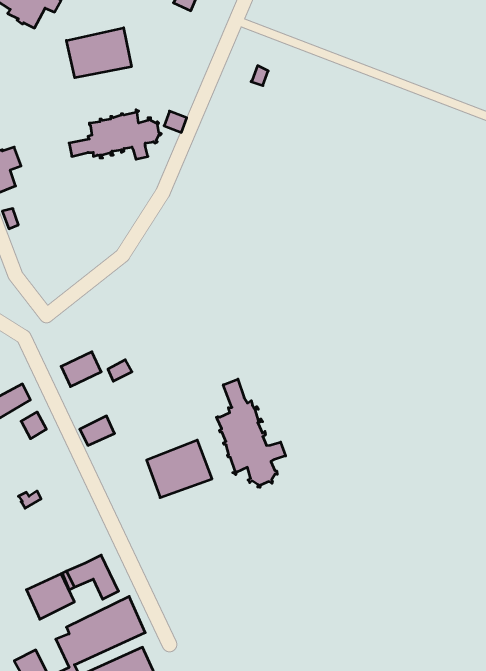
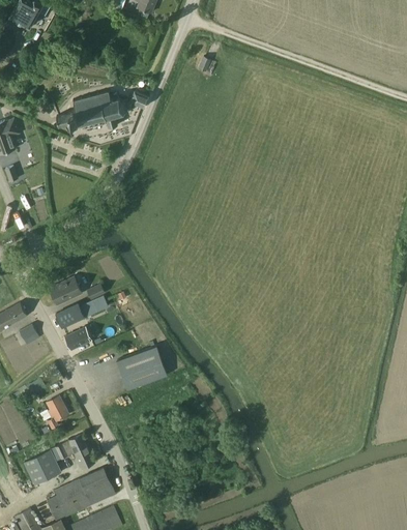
building: [66,28,131,78] -> none
building: [216,379,286,487] -> none
building: none -> [56,303,85,328]
building: none -> [47,395,69,429]

